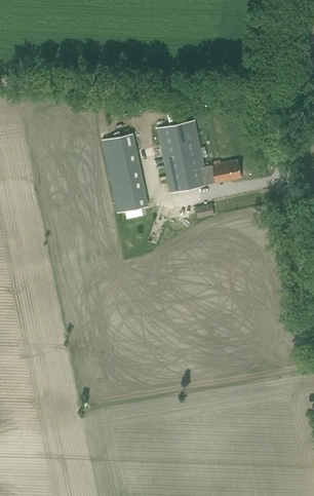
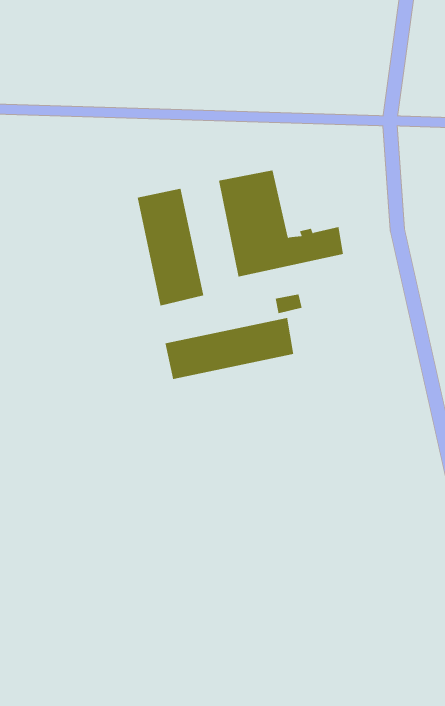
building: none -> [165,317,294,380]

